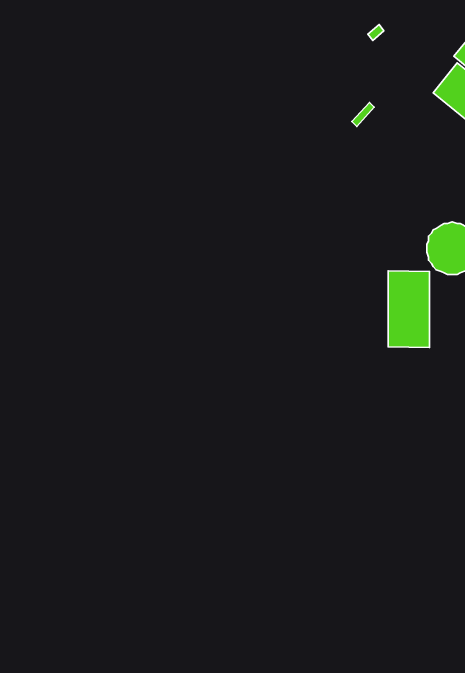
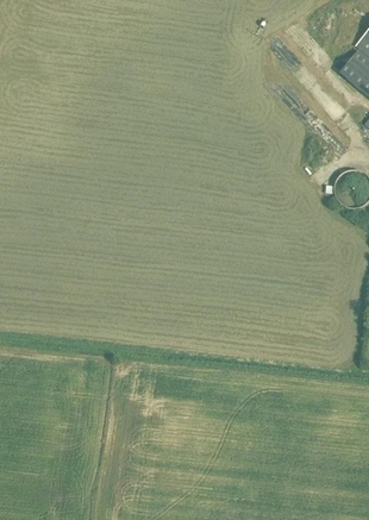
building: [388,271,430,347] -> none

